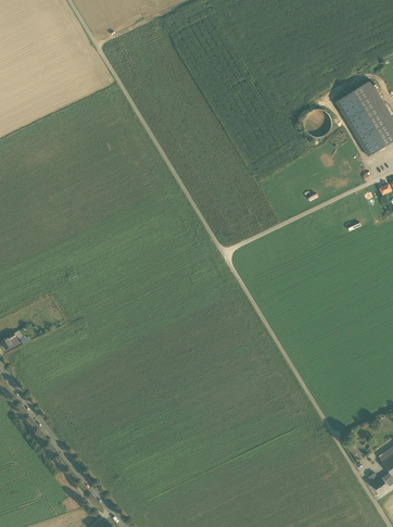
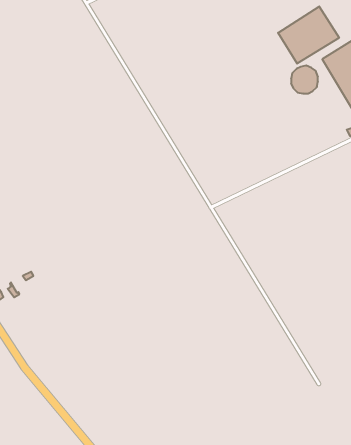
building: none -> [278,6,339,64]

